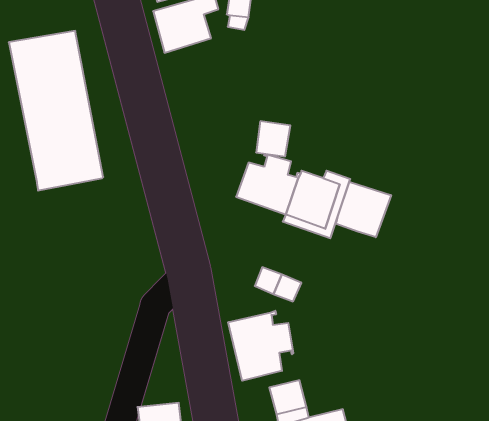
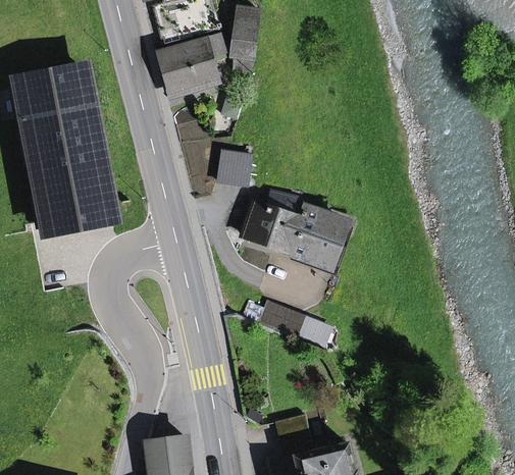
building: [256,121,290,156] -> [217,150,251,184]
building: [336,182,391,237] -> none
building: [228,311,293,381] -> none

